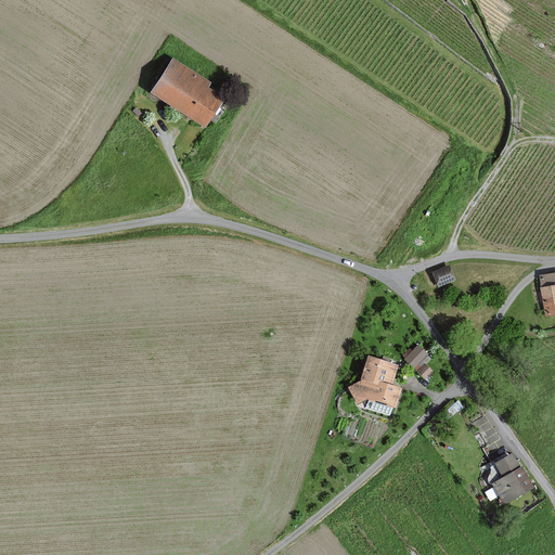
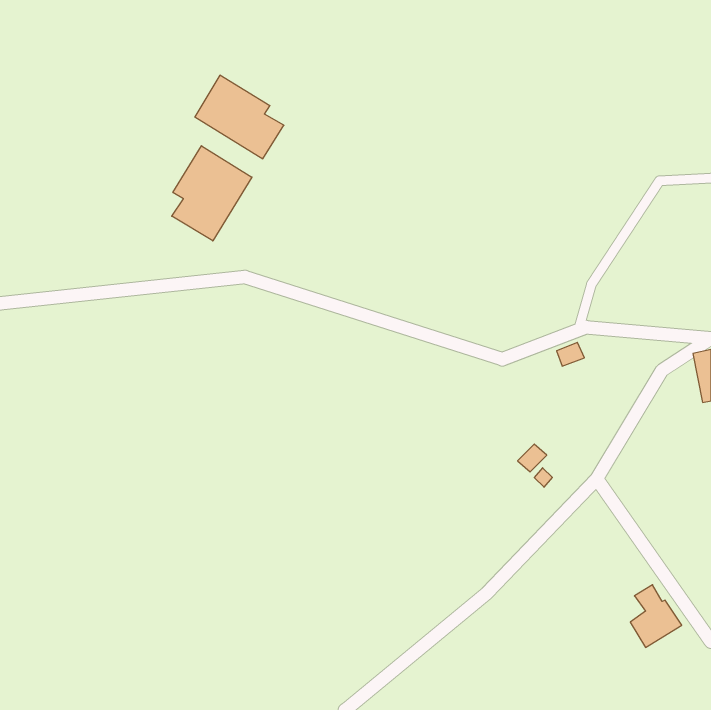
building: none -> [172,146,252,241]
building: [347,356,399,406] -> none

